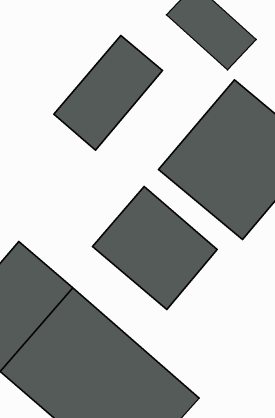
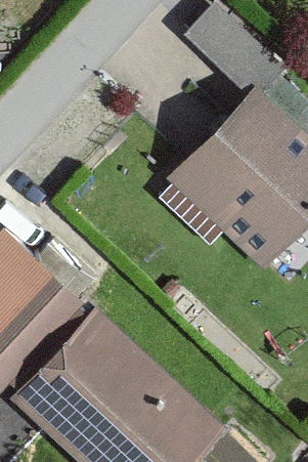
building: [54,35,162,150] -> none
building: [93,186,217,309] -> none

